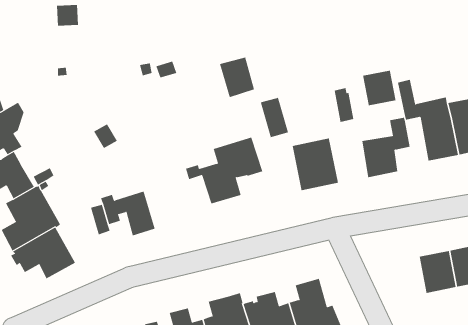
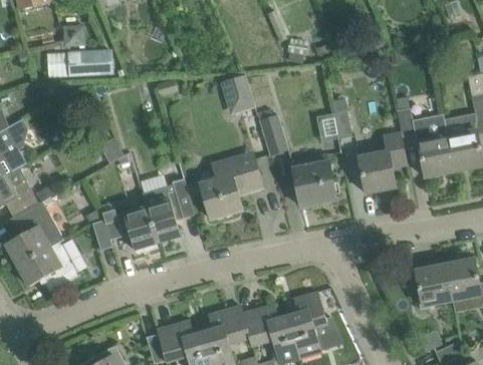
building: none -> [46,49,112,76]
building: [363,70,396,106] -> none
building: none -> [142,178,195,243]

